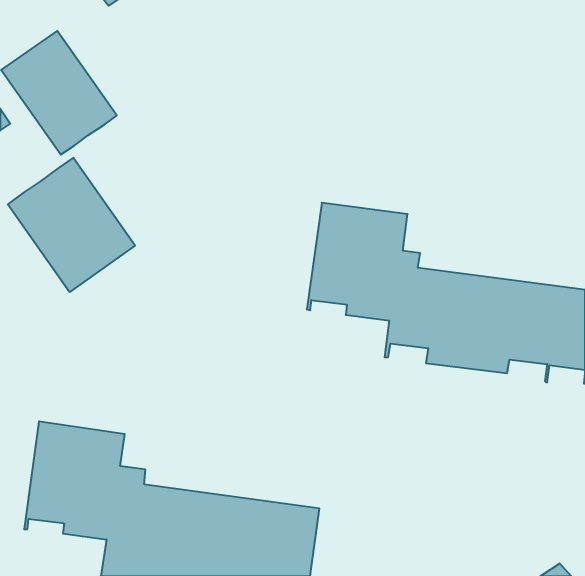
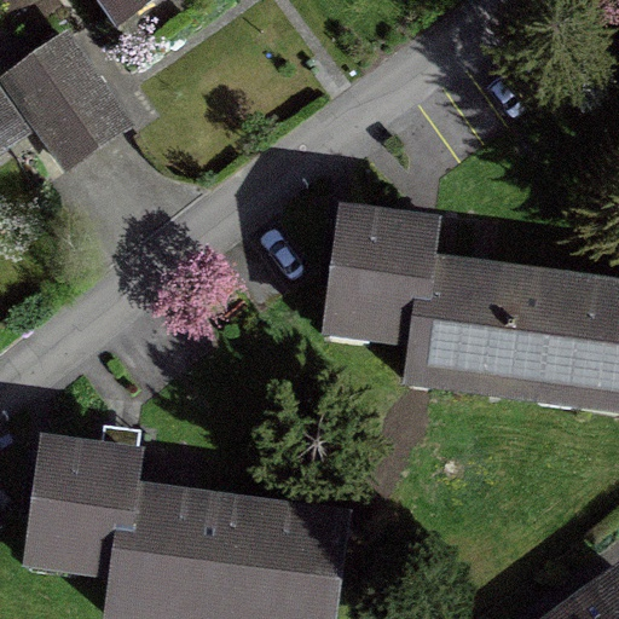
building: [8,158,135,292] -> none

